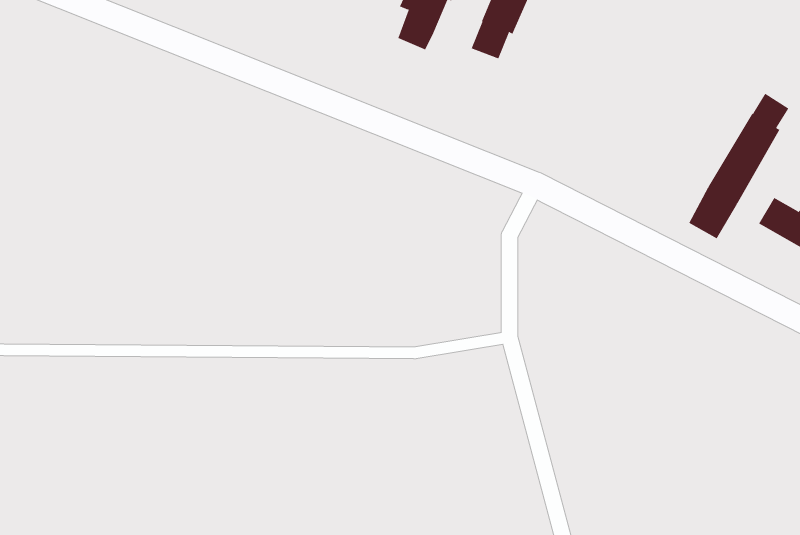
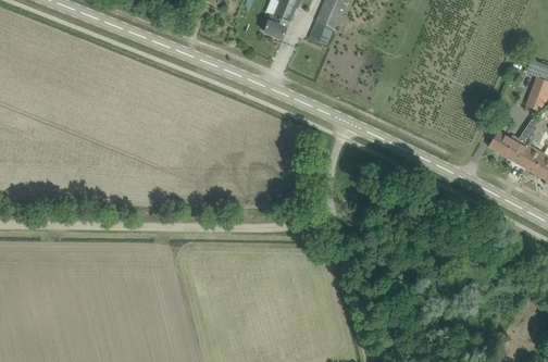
building: [688,93,789,239] -> none

